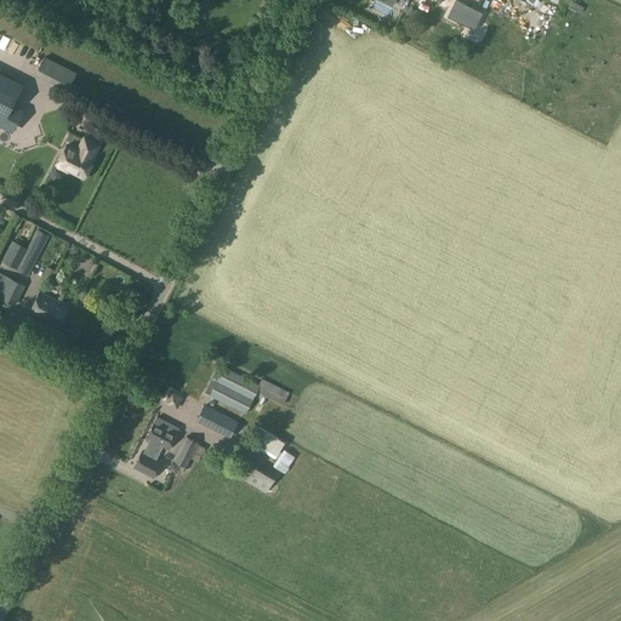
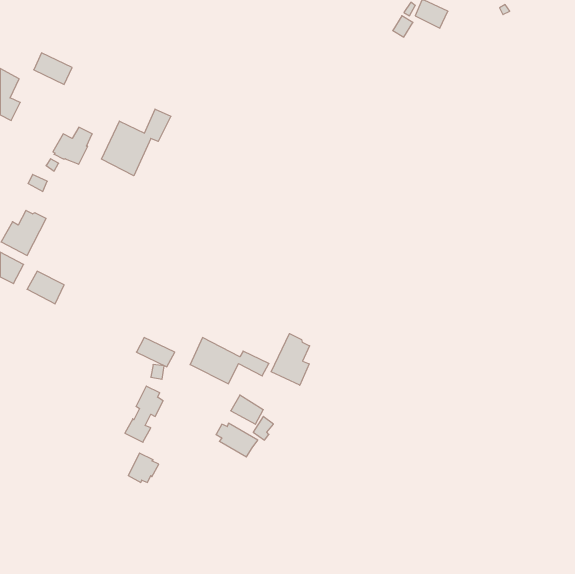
building: none -> [101,109,171,176]
building: none -> [271,334,310,385]
building: [196,406,238,438] -> [136,338,175,367]
building: [172,437,205,468] -> [128,453,159,482]

